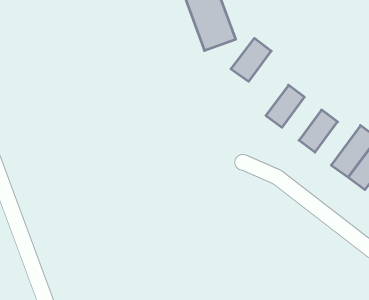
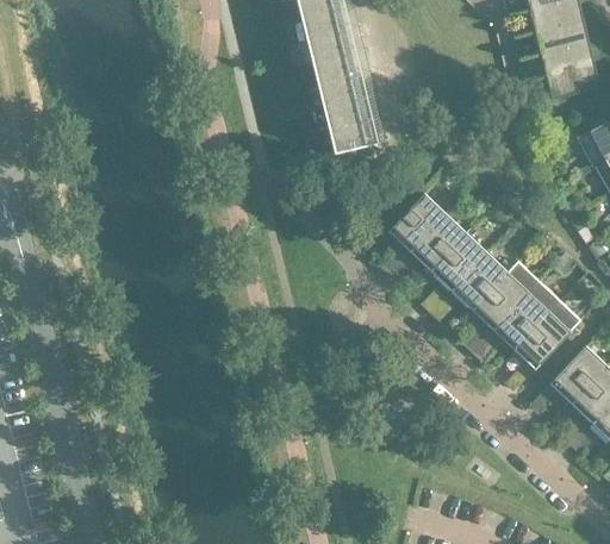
building: [231,38,271,81] -> [387,193,446,251]
building: none -> [430,232,487,290]
building: none -> [472,261,539,330]

